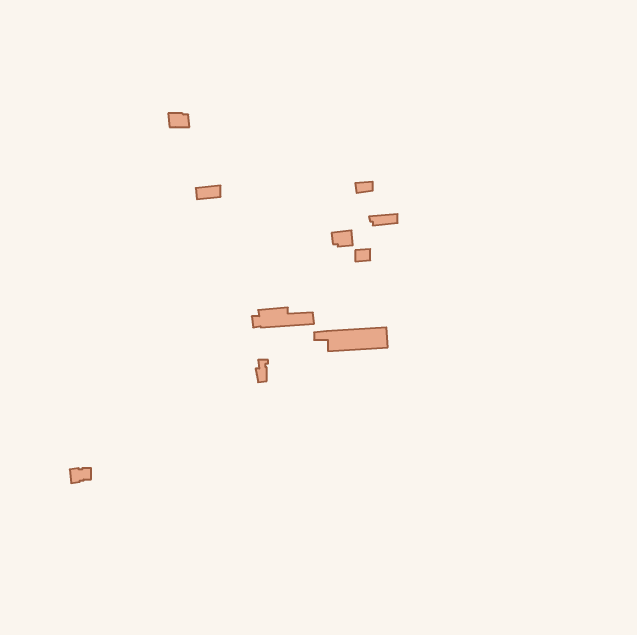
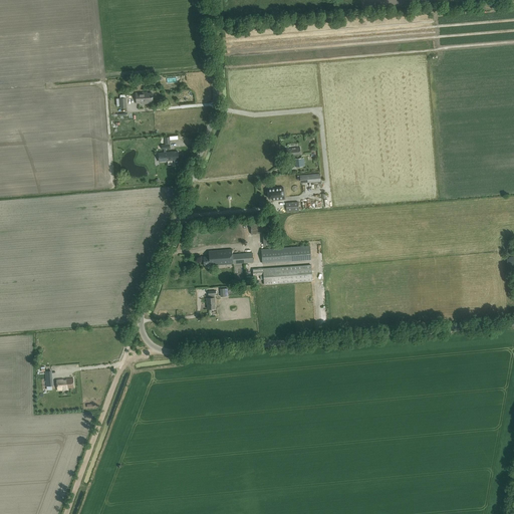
building: none -> [261,245,310,262]

